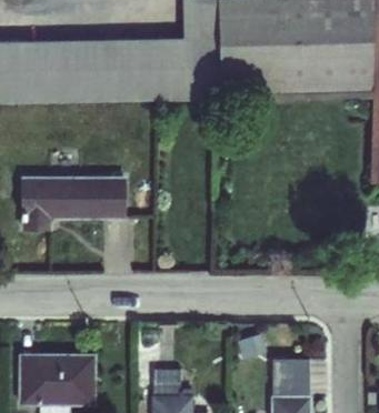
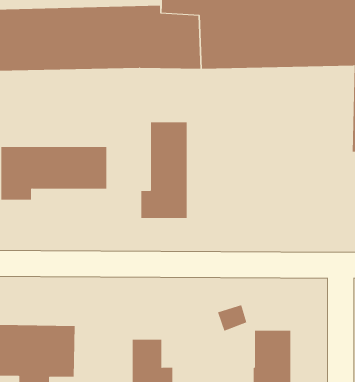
building: none -> [141,121,187,219]

